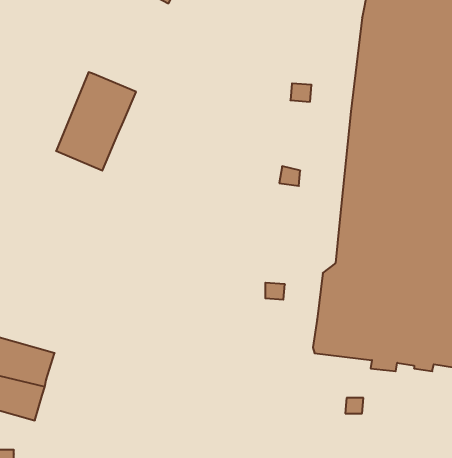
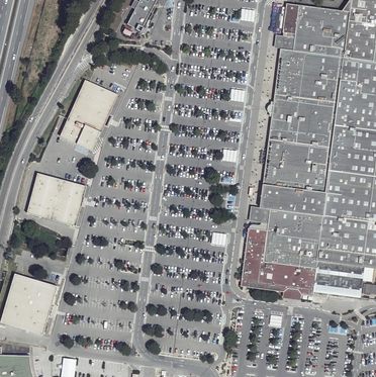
building: none -> [26,175,85,227]

